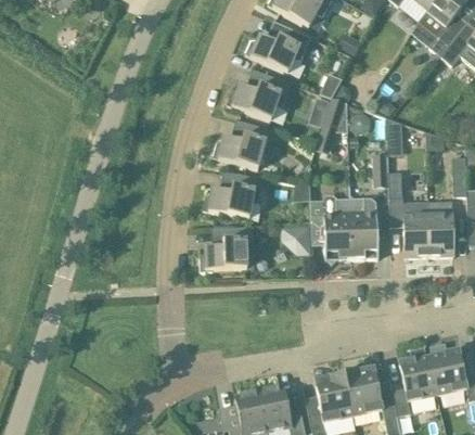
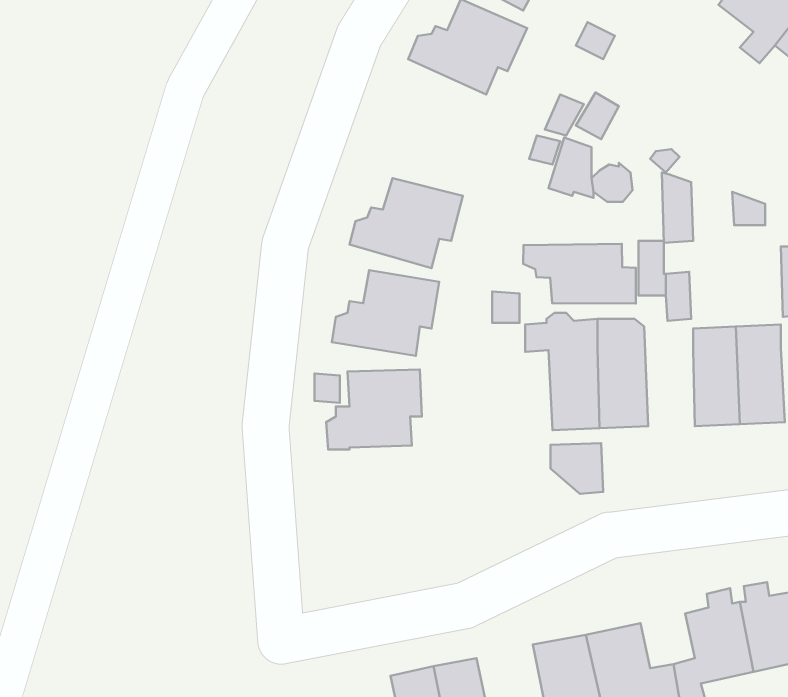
building: [227,69,291,120] -> none
building: none -> [523,244,636,304]
building: [281,227,310,255] -> [551,443,603,494]

